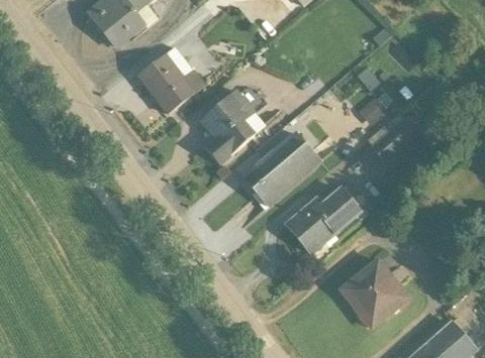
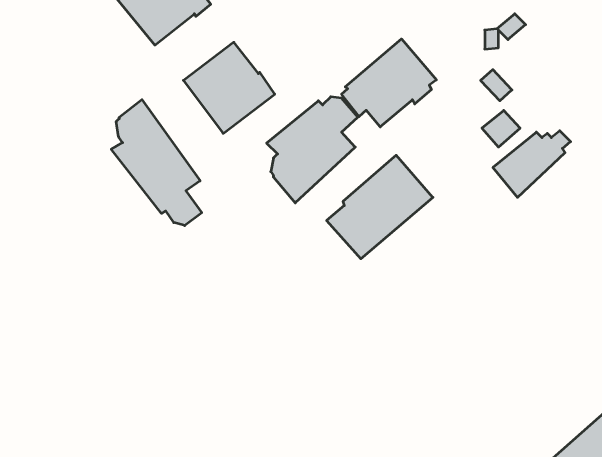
building: none -> [342,39,436,127]
building: none -> [111,100,202,226]
building: [284,186,363,255] -> none
building: [338,256,411,330] -> none

